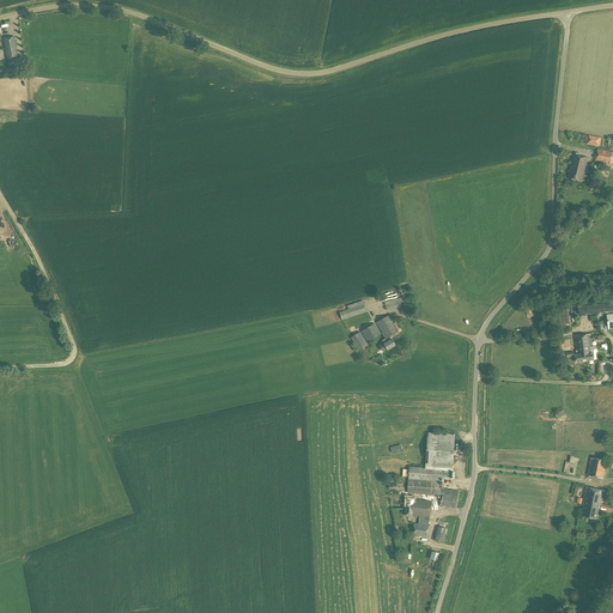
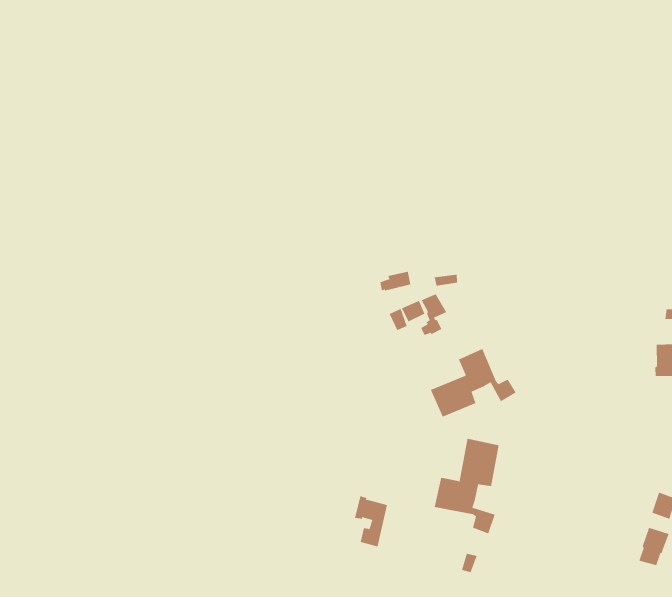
building: none -> [430,348,516,417]
building: [405,496,431,536] -> [354,496,388,547]

